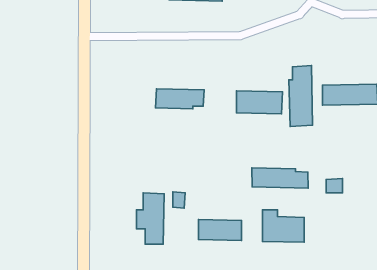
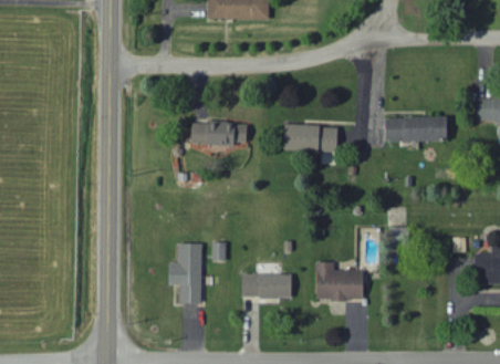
building: [289,66,313,126] -> none
building: [252,168,308,188] -> none

